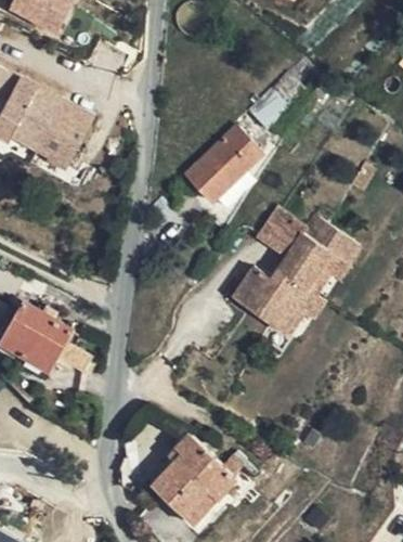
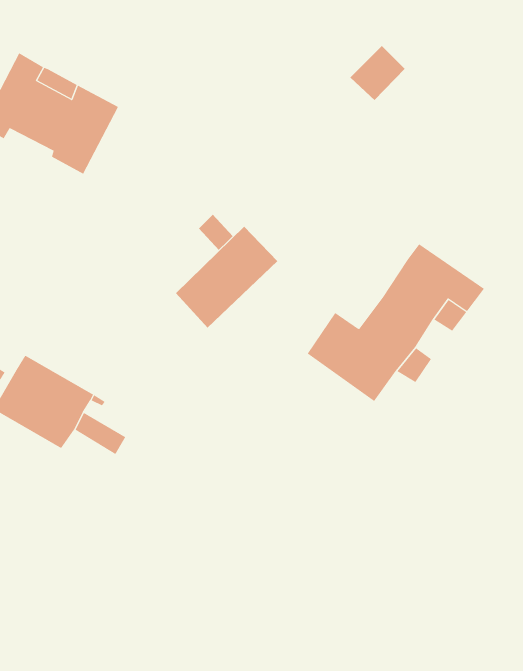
building: [185,125,261,201] -> [175,226,278,329]
building: [257,209,304,257] -> none
building: [152,433,243,521] -> none

